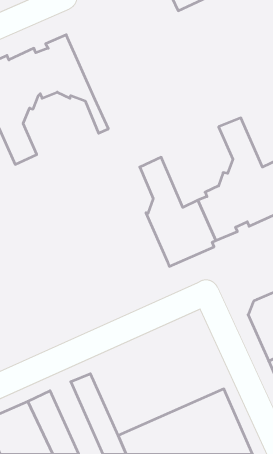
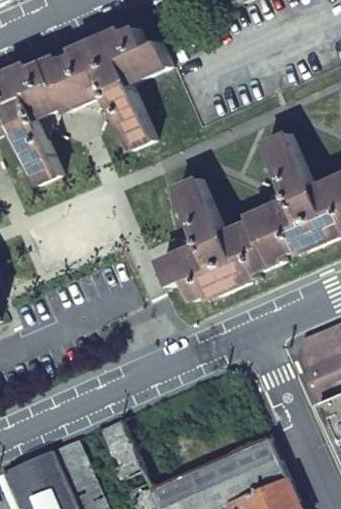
building: none -> [92,26,169,144]
building: none -> [157,237,205,299]

